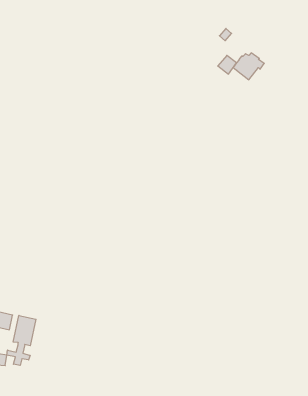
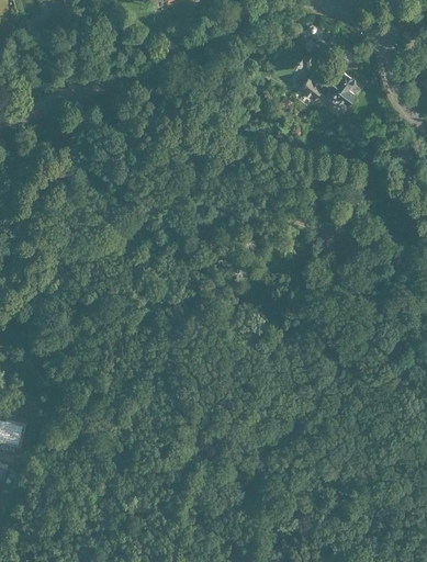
building: [7,315,36,365] -> none

